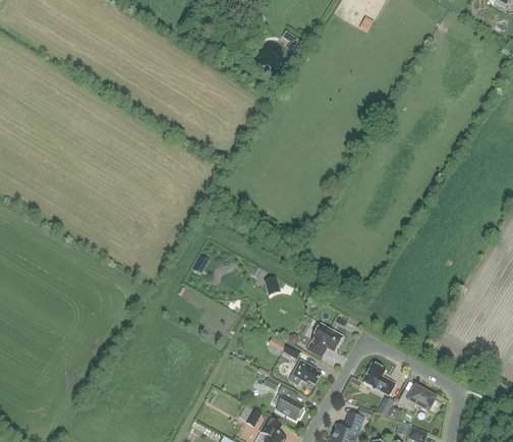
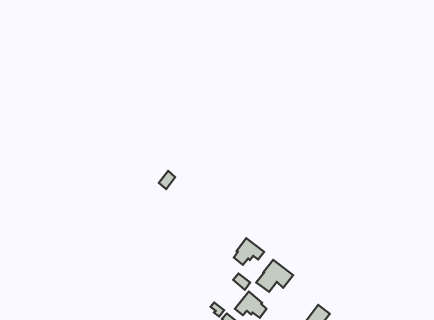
building: none -> [234,238,264,265]

